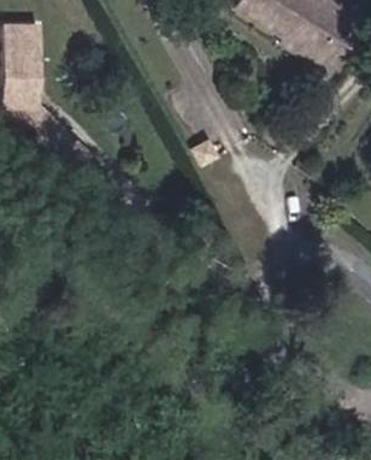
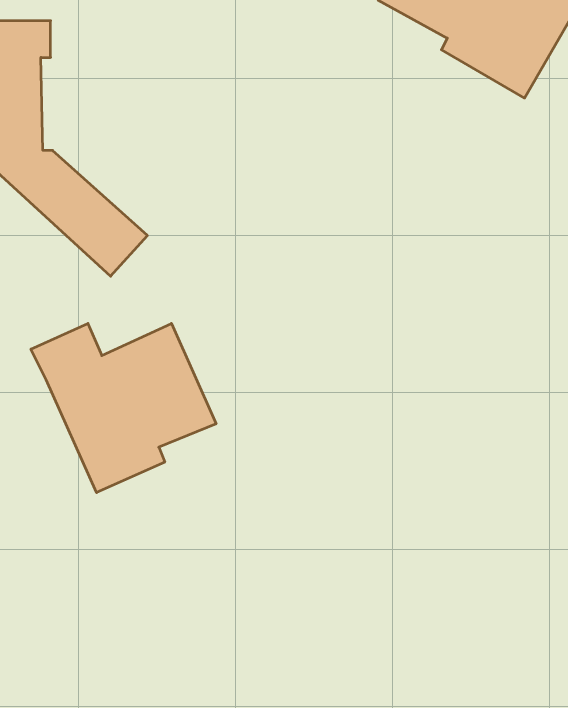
building: none -> [31,323,216,493]

